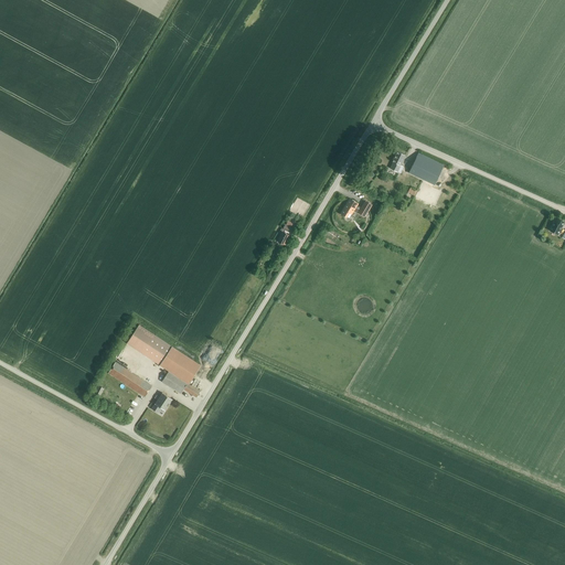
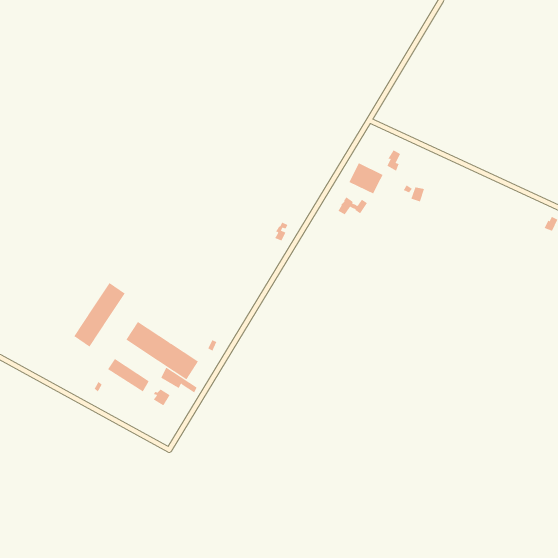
building: [408,153,444,185] -> [349,163,383,194]
building: none -> [74,282,126,347]

